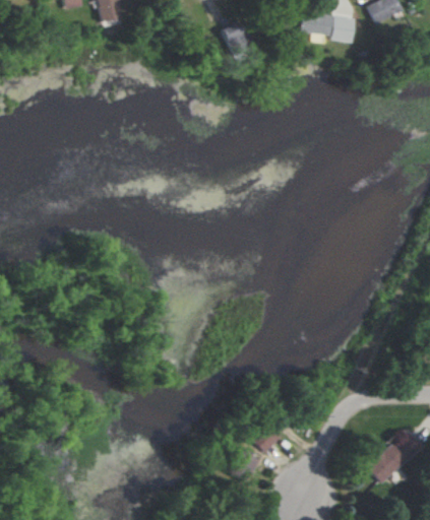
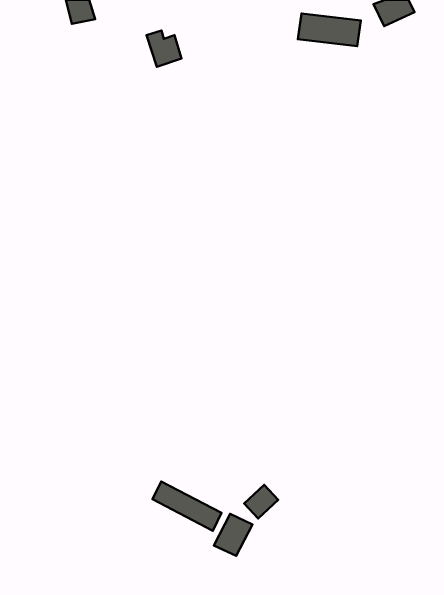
building: [225,22,255,54] -> [146,31,181,67]
building: none -> [152,481,221,531]
building: [366,430,422,483] -> none

